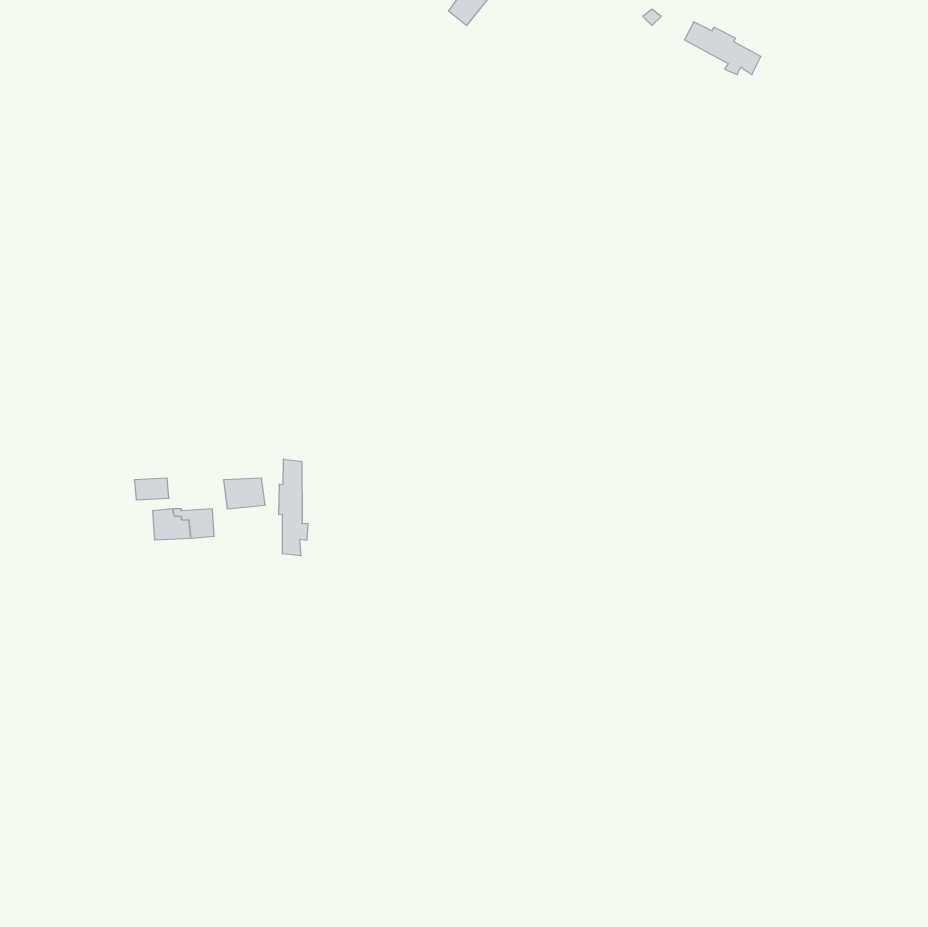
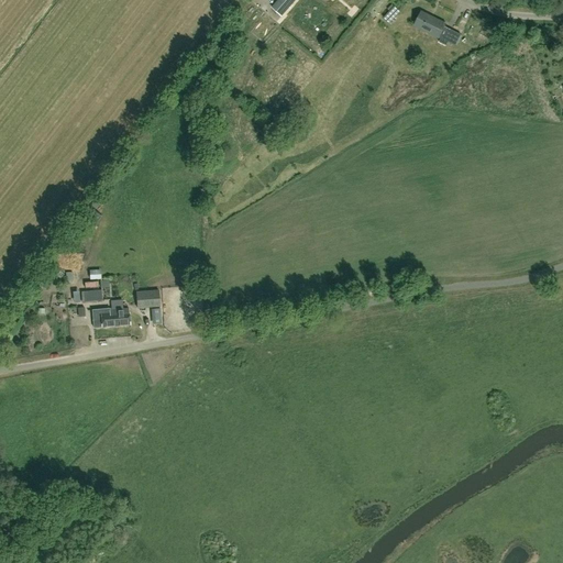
building: [279,459,308,556] -> none

